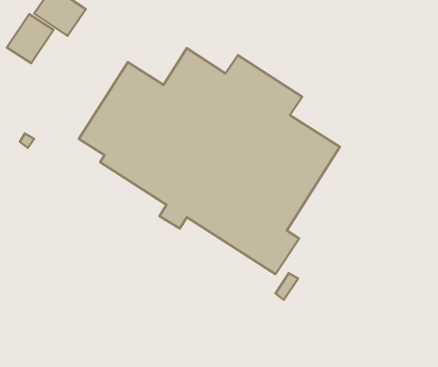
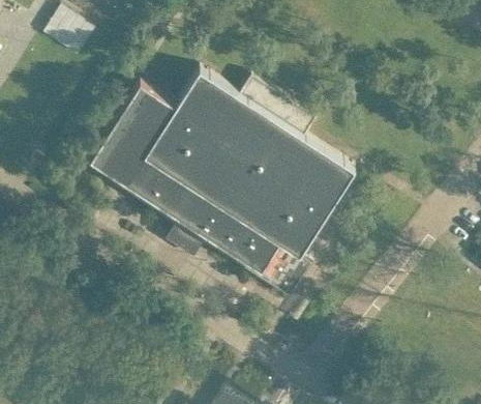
building: [7,14,53,63] -> none

